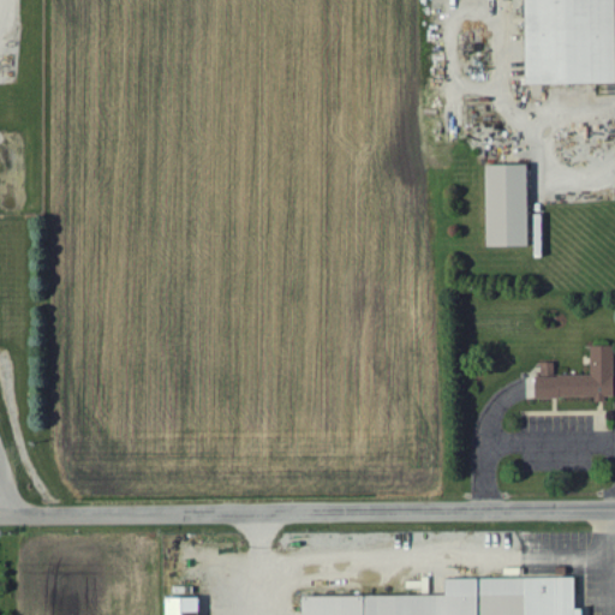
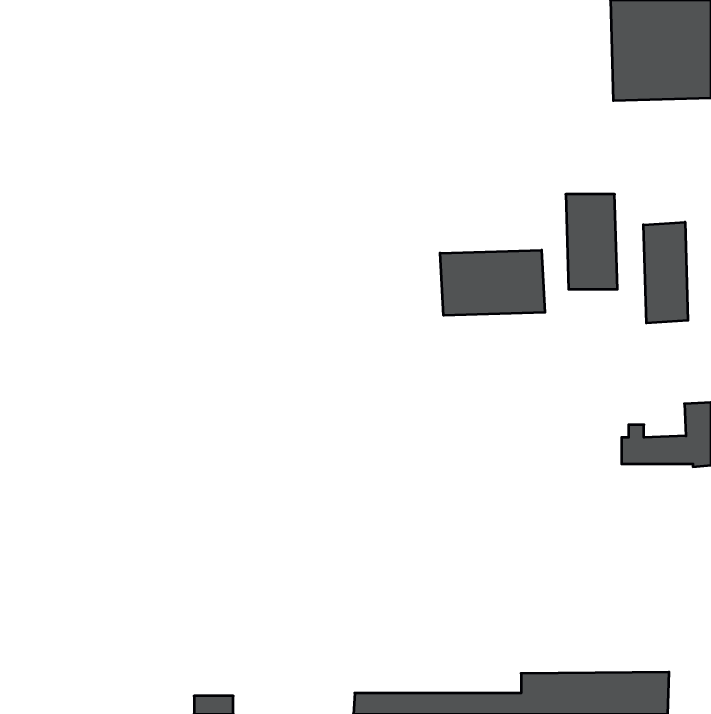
building: none -> [643,222,688,323]
building: none -> [440,250,545,315]

